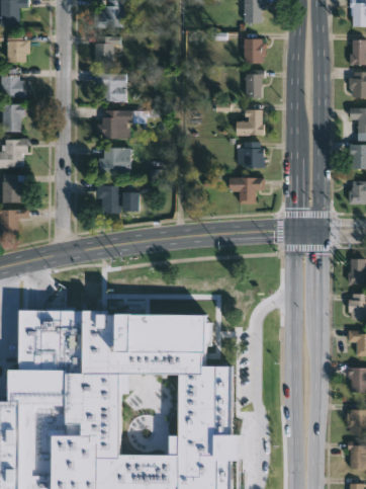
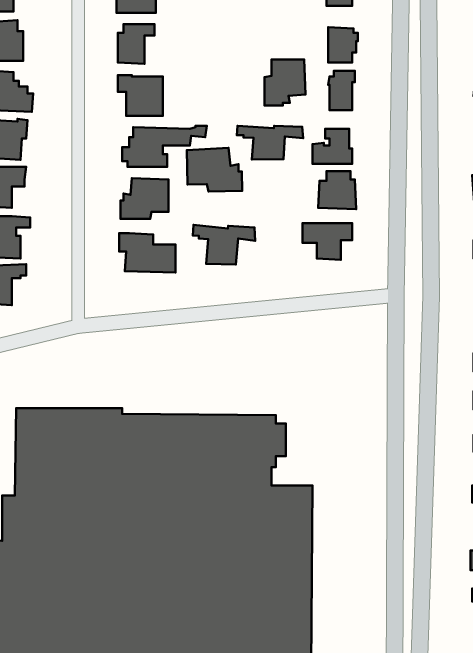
building: none -> [264,60,305,105]
building: none -> [237,126,303,159]
building: none -> [187,148,242,192]
building: none -> [193,225,255,265]

